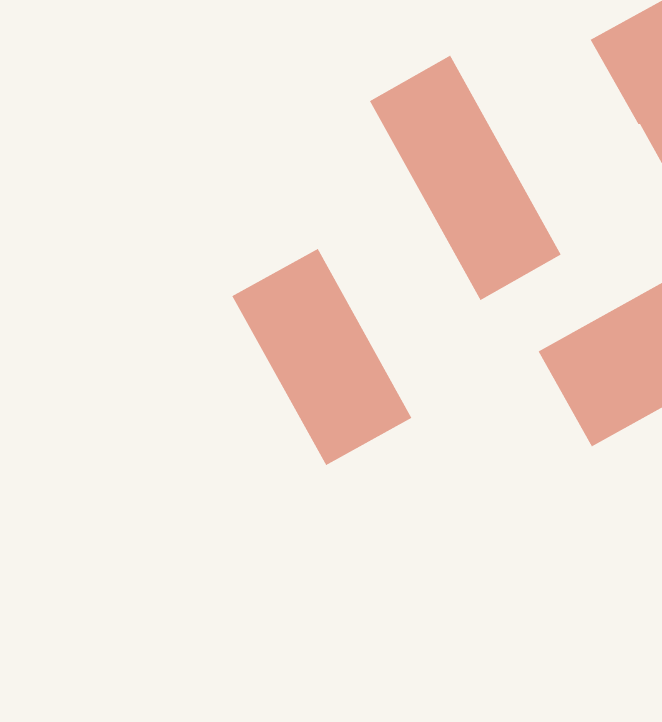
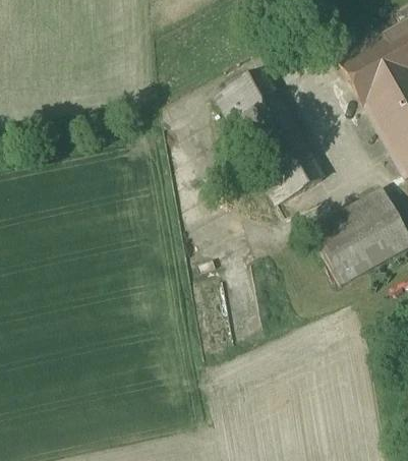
building: [231,248,413,466] -> none

